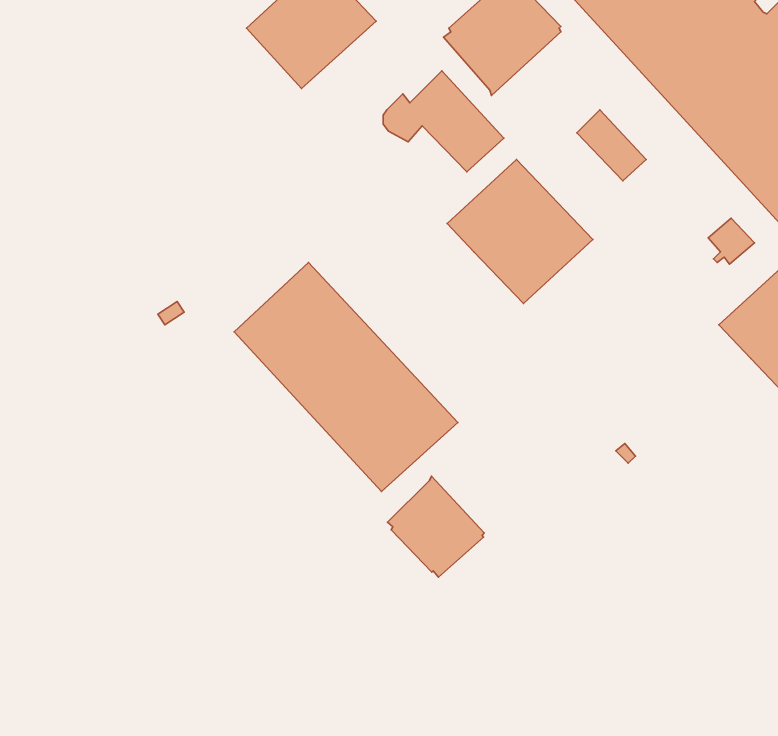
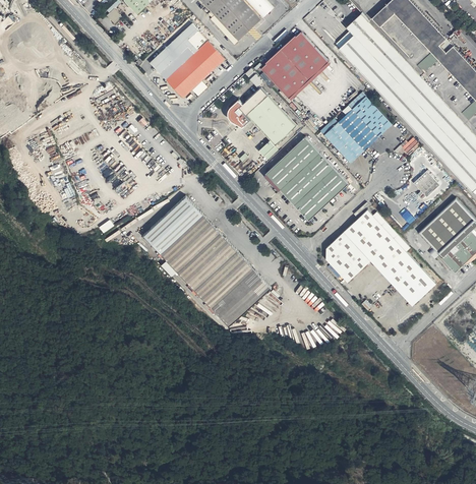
building: none -> [352,97,392,137]
building: none -> [320,117,365,163]
building: none -> [326,209,436,305]
building: [387,476,484,577] -> none

